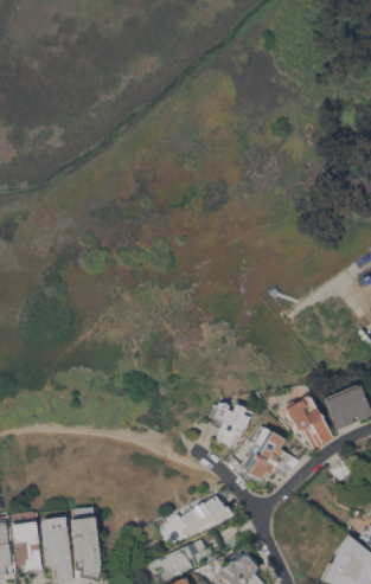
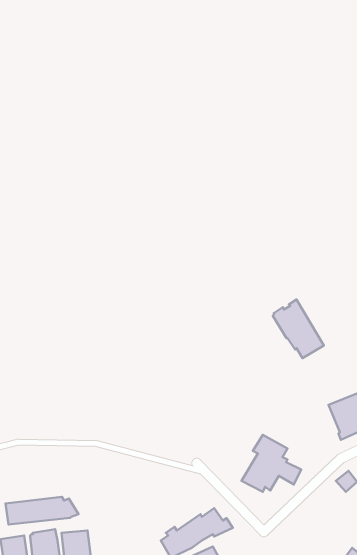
building: [286,394,334,450] -> [273,300,324,358]
building: [216,403,250,448] -> none
building: none -> [5,497,79,525]

